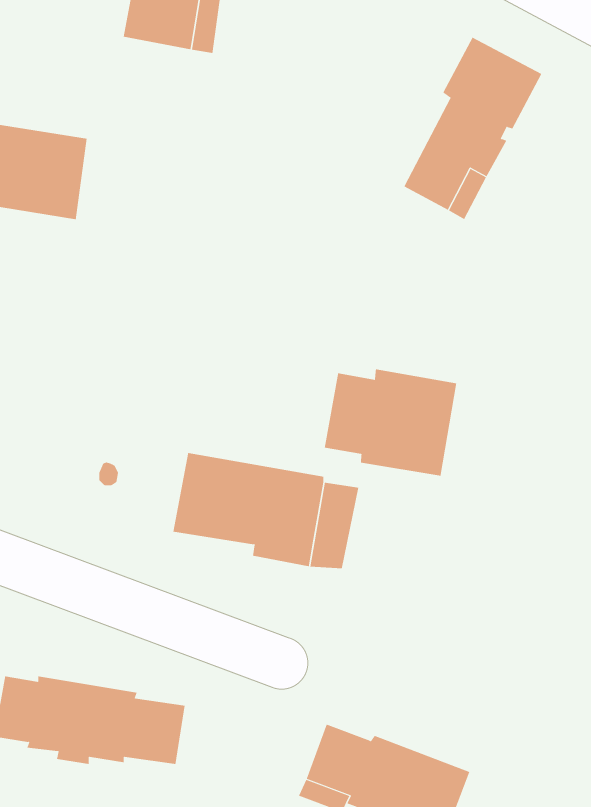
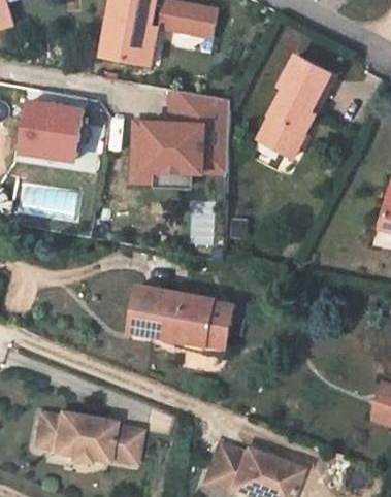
building: none -> [132,88,228,184]
building: [324,369,457,476] -> none

